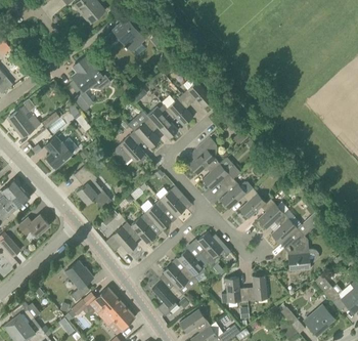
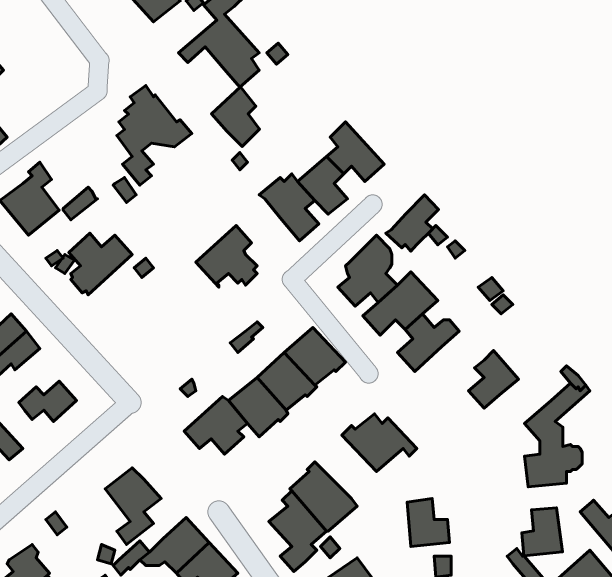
building: none -> [386,195,439,251]
building: [134,118,160,150] -> [212,87,260,146]
building: [74,165,111,209] -> none
building: [239,188,266,219] -> none
building: [271,210,302,245] -> none
building: [177,244,209,278] -> none
building: [247,275,268,301] -> [522,508,562,556]

